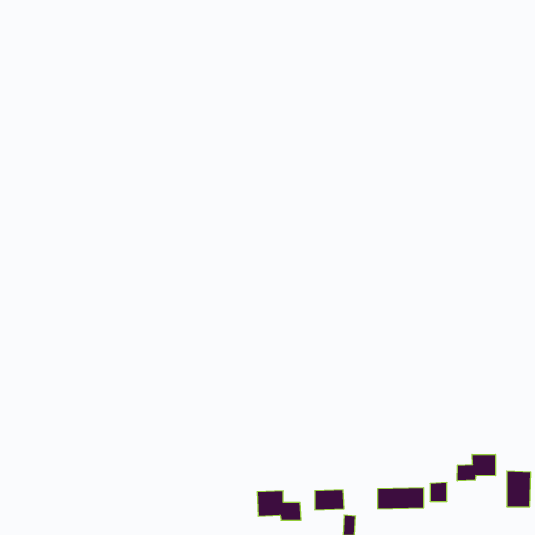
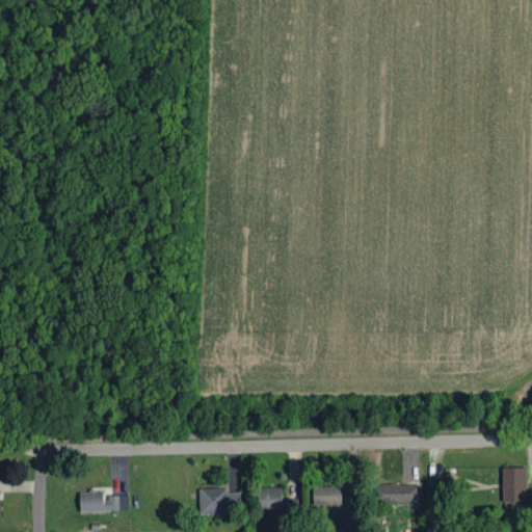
building: [457,454,495,481] -> none
building: none -> [200,488,240,513]
building: none -> [80,489,130,511]

